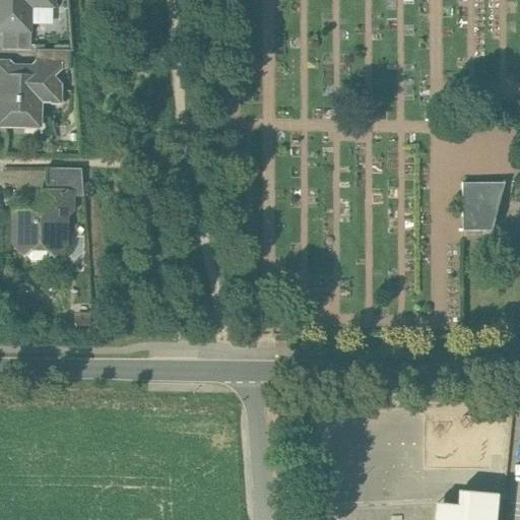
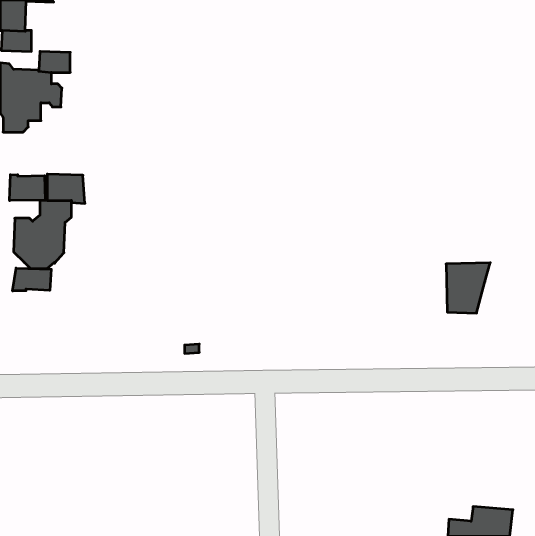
building: none -> [10,175,45,201]
building: [462,184,505,233] -> [446,263,490,313]
building: none -> [13,268,51,291]

